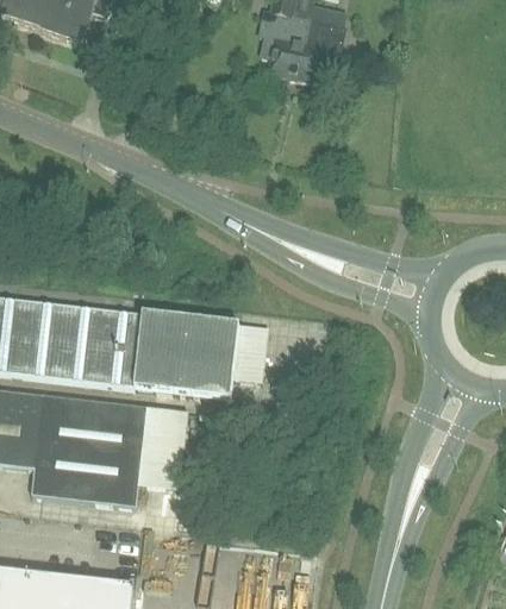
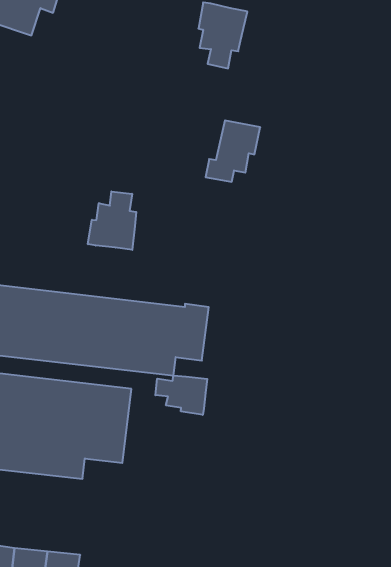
building: [286,15,343,80] -> [206,120,260,182]
building: none -> [88,191,136,250]
building: none -> [155,375,207,415]

